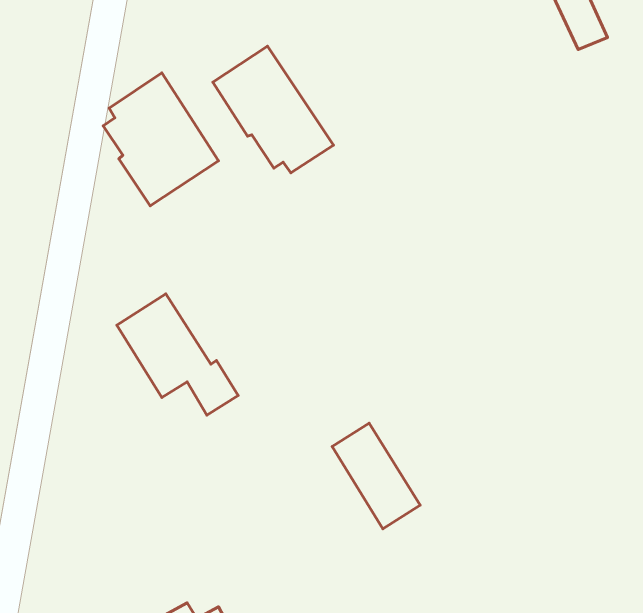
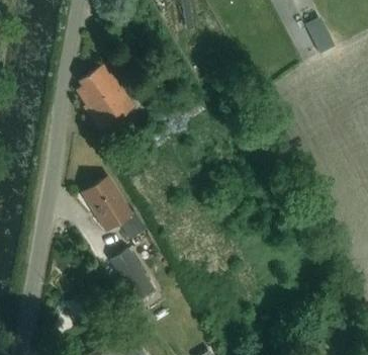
building: [213,46,333,173] -> none
building: [332,423,420,529] -> [108,249,154,303]

